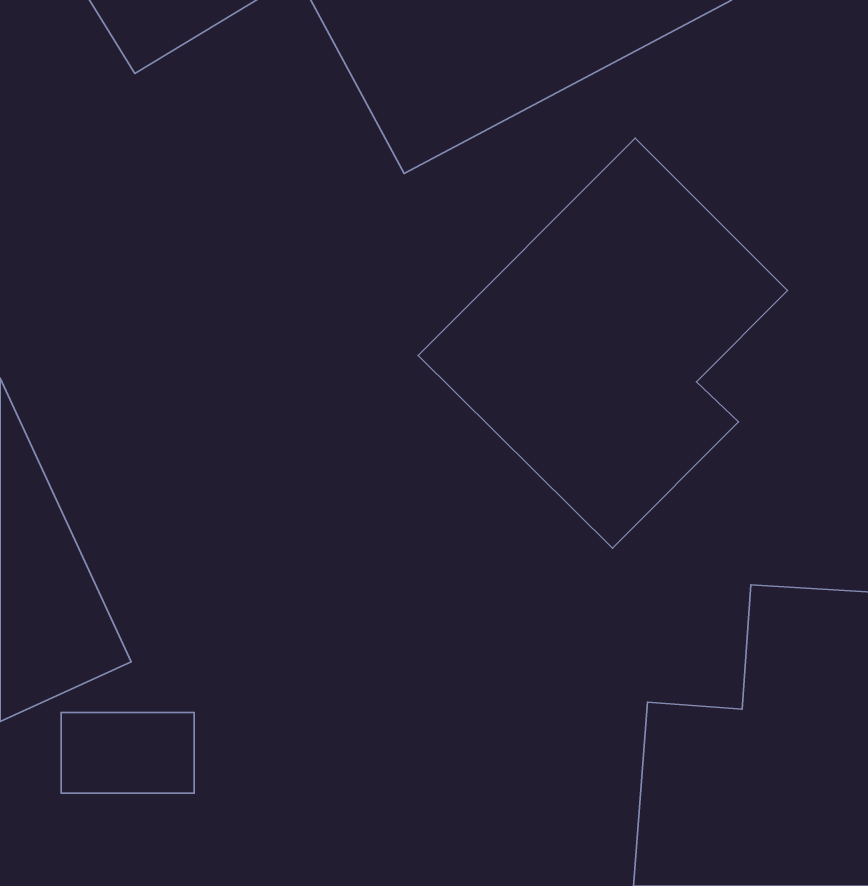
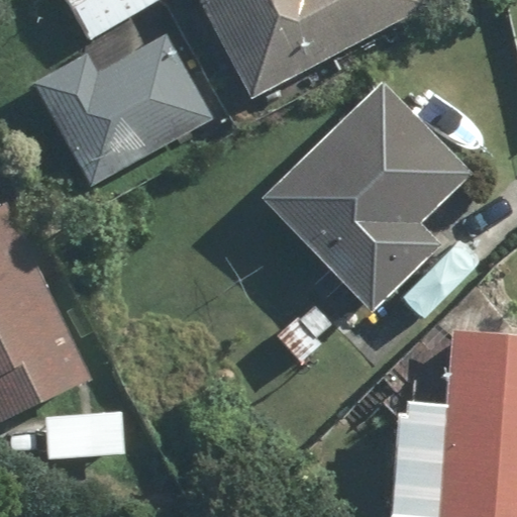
building: none -> [35,28,218,182]

